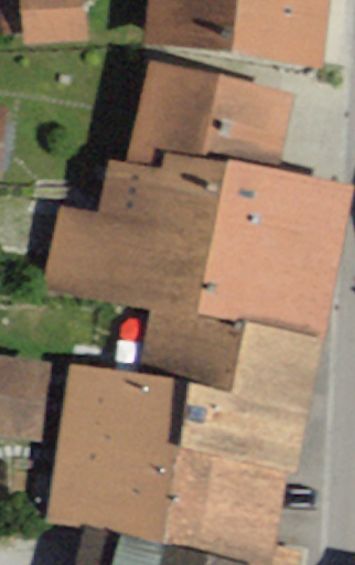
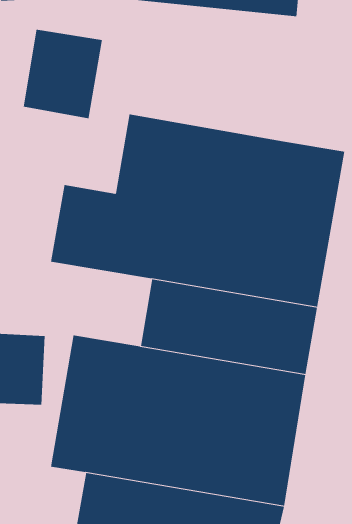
building: [130,63,295,175] -> none
building: none -> [23,29,102,119]

